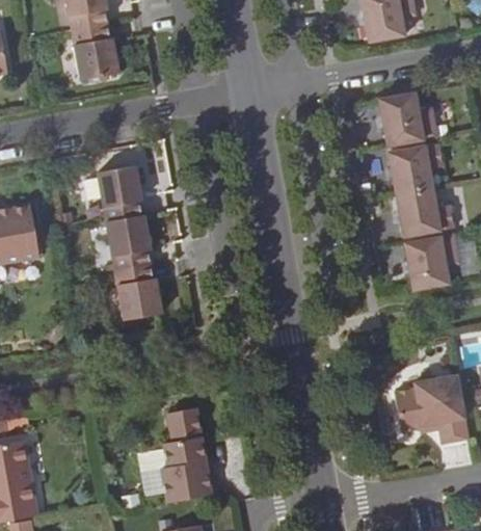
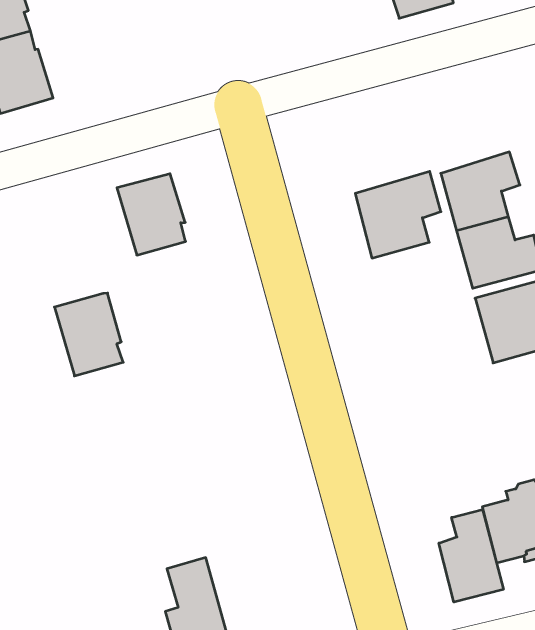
building: [378,87,437,144] -> [355,171,441,258]
building: [97,165,142,220] -> [117,174,186,255]
building: [115,264,162,320] -> none
building: none -> [439,510,503,602]

